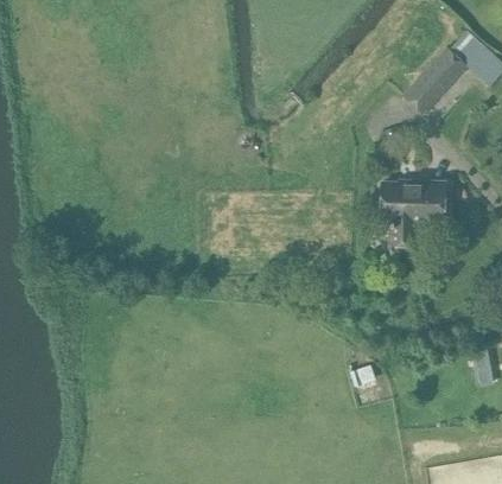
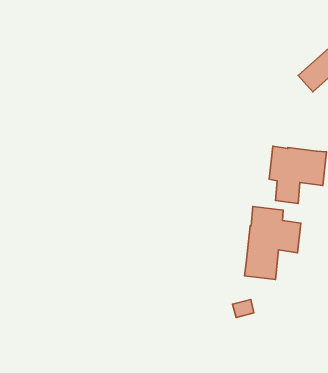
building: none -> [244,207,301,279]

